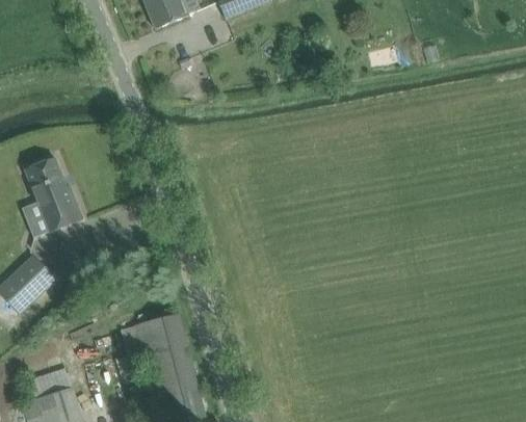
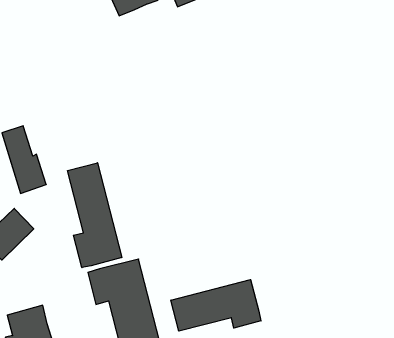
building: none -> [68,163,122,268]
building: none -> [171,280,261,331]

